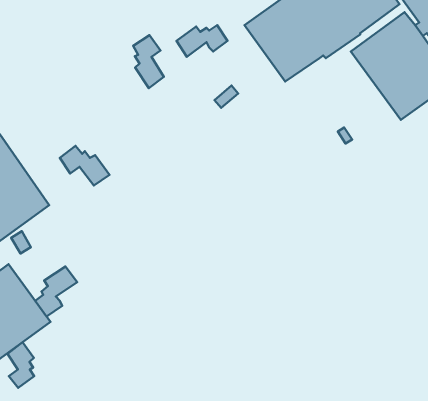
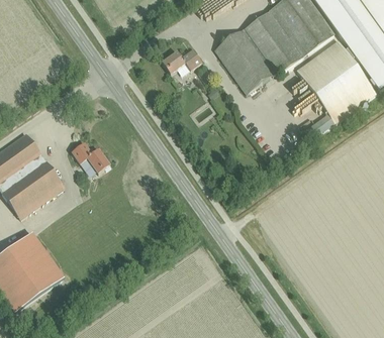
building: [133,35,164,88] -> none
building: [35,266,77,316] -> none
building: [8,342,34,388] -> none

